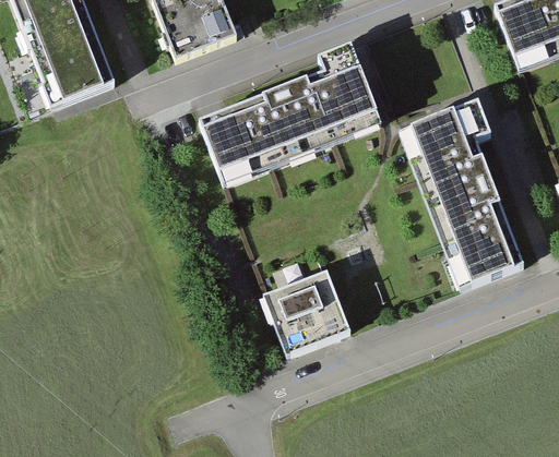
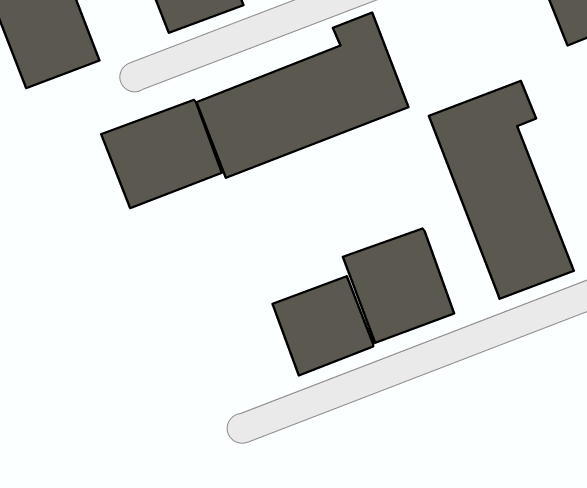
building: none -> [101,100,222,208]
building: none -> [343,229,454,343]

